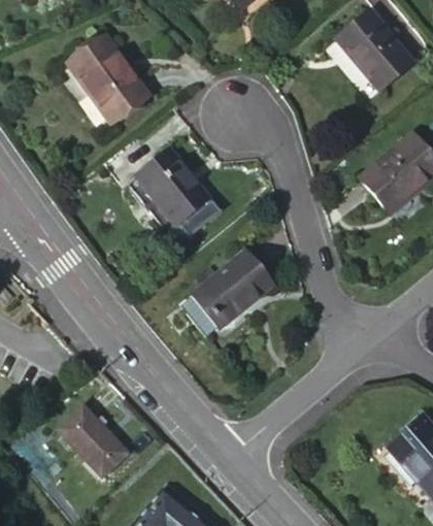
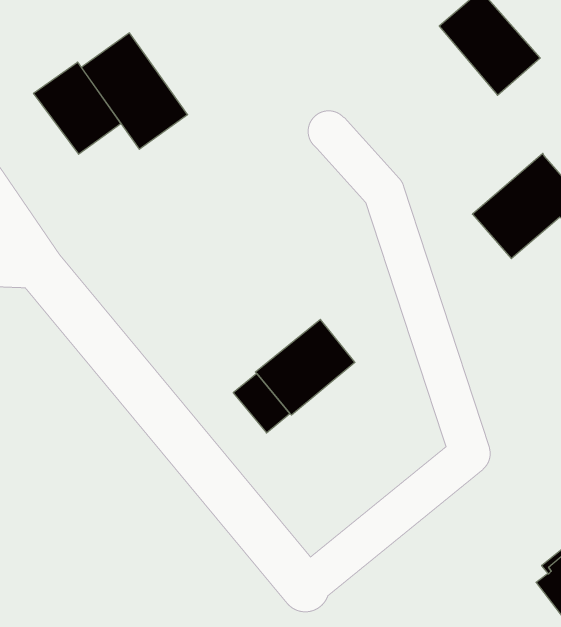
building: none -> [34,62,121,154]
building: [135,151,221,238] -> none
building: [64,405,133,476] -> none

